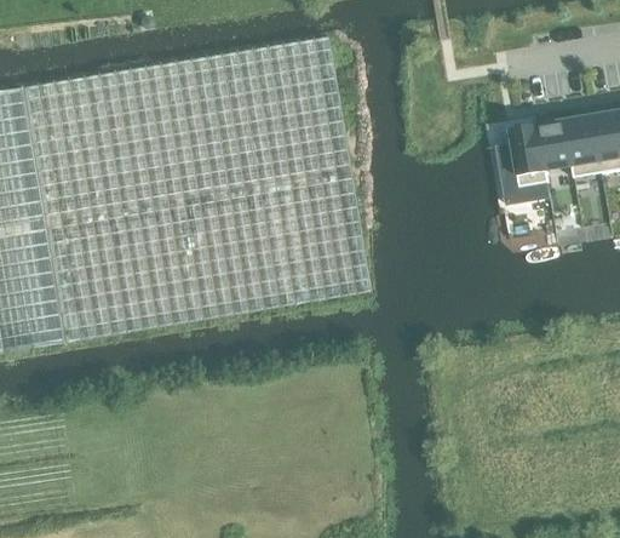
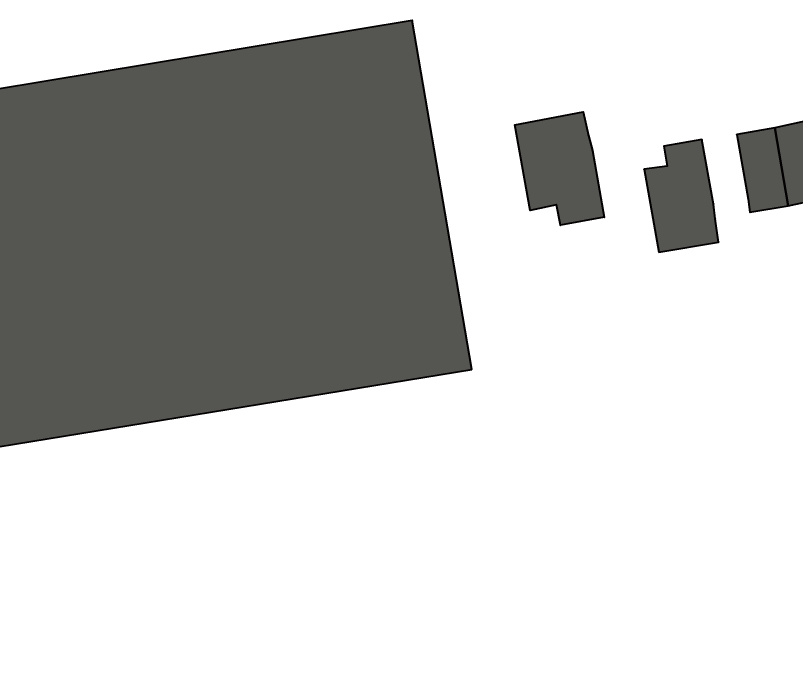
building: none -> [515,112,604,225]
building: [539,120,573,171] -> none

